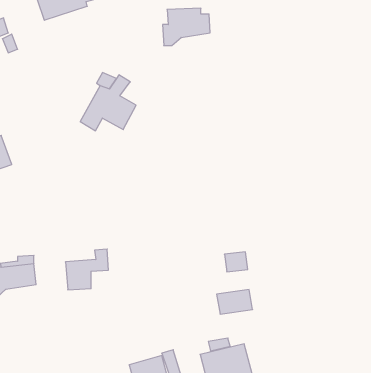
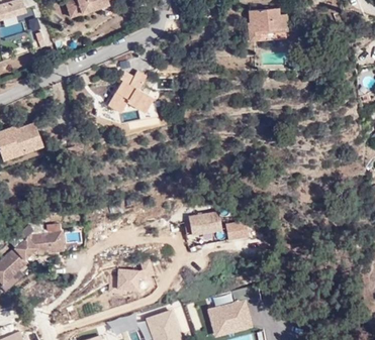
building: [163,8,210,46] -> [246,9,287,41]
building: [65,249,108,290] -> [115,260,153,296]
building: [217,290,253,314] -> [190,211,221,232]

